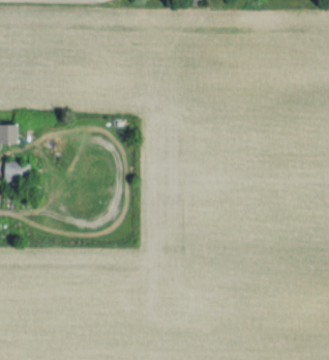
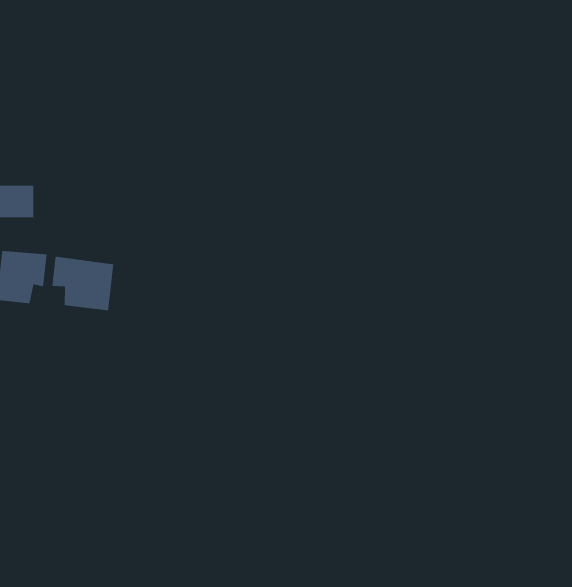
building: none -> [52,256,114,311]

